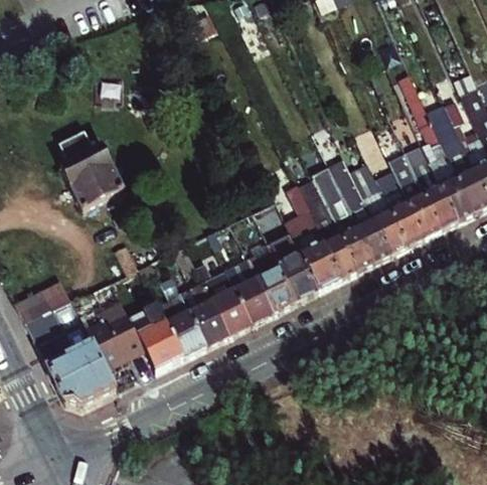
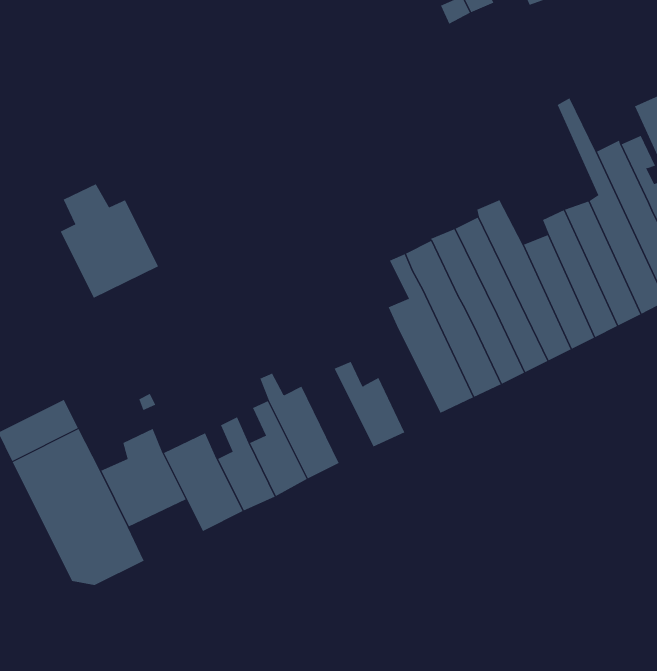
building: [268,232,321,304] -> none
building: [225,260,275,325] -> none

